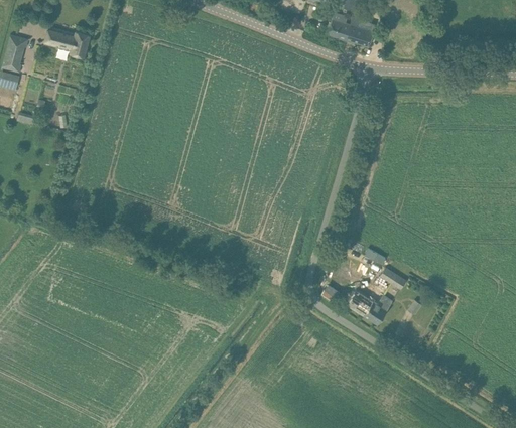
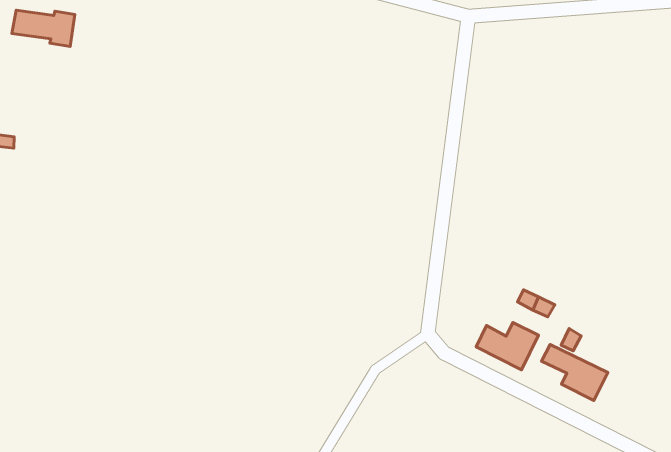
building: none -> [542,344,608,400]

